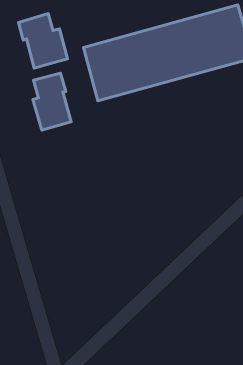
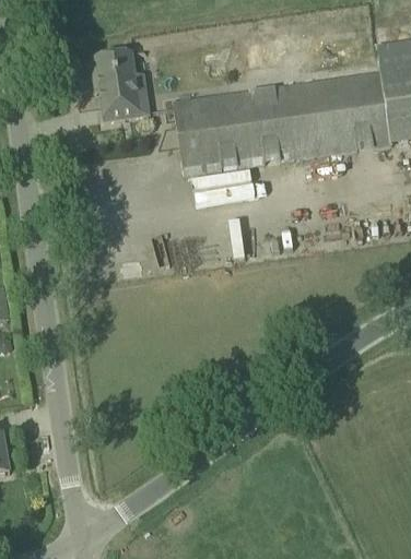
building: [33,73,71,130] -> none

